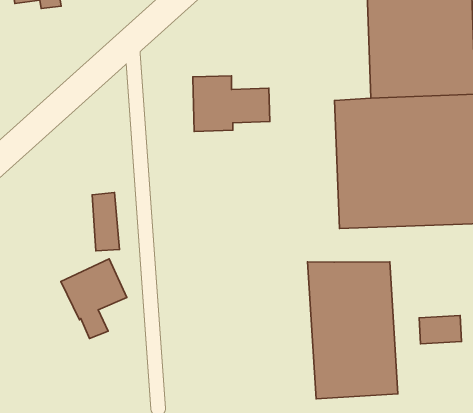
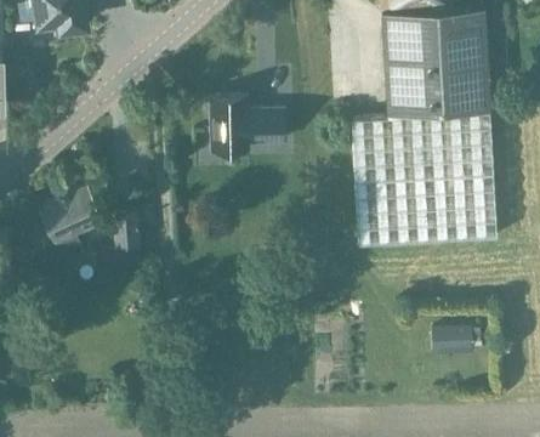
building: [61,259,127,338] -> [40,185,104,262]
building: [308,262,398,399] -> none

